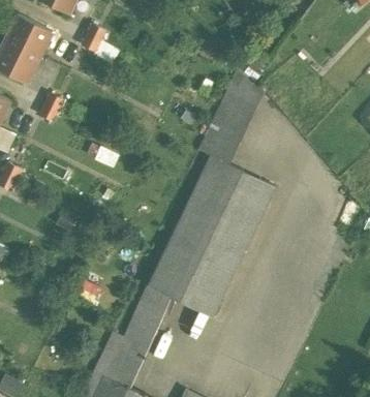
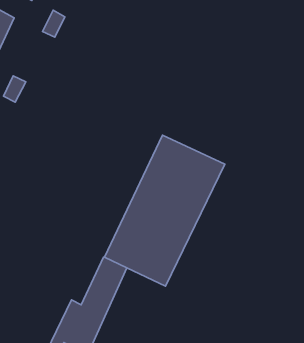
building: [197,68,264,165] -> none

